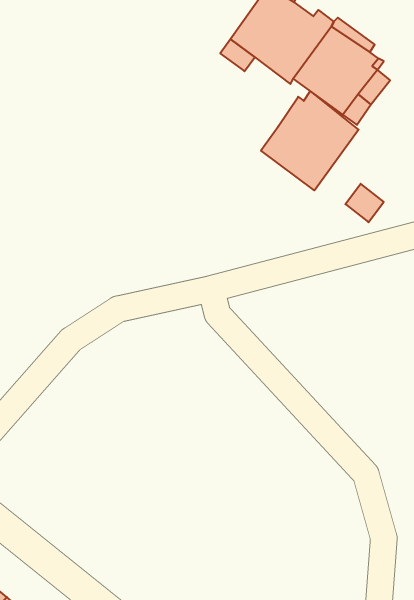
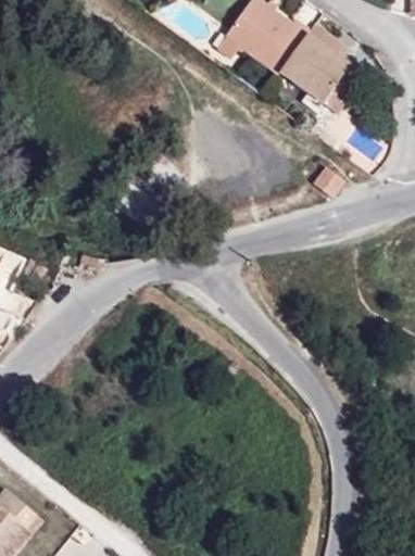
building: [261,91,359,190] -> none

